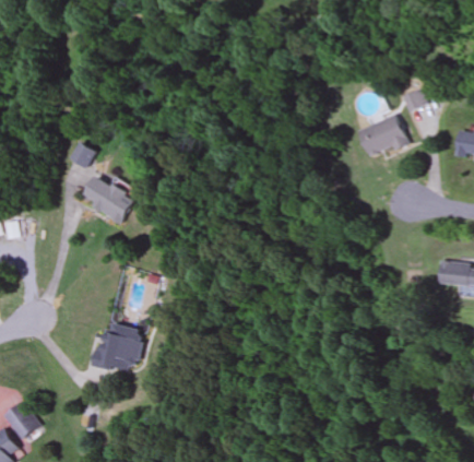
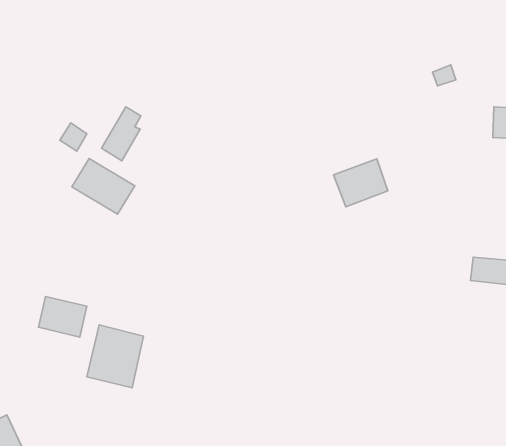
building: [357,115,405,157] -> [334,159,388,207]
building: none -> [101,107,141,161]
building: none -> [38,296,87,337]

